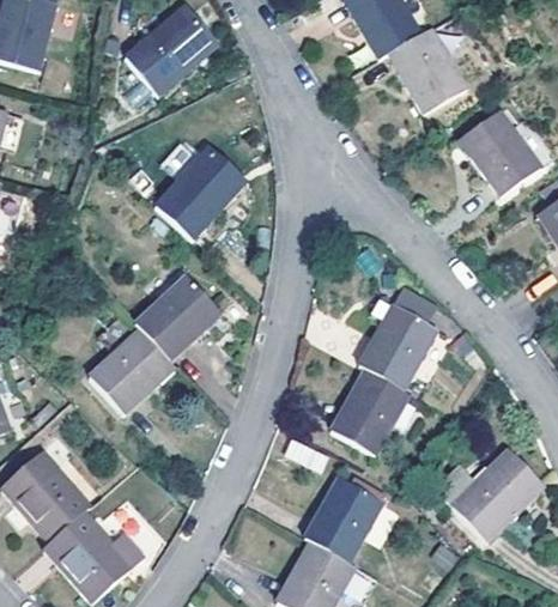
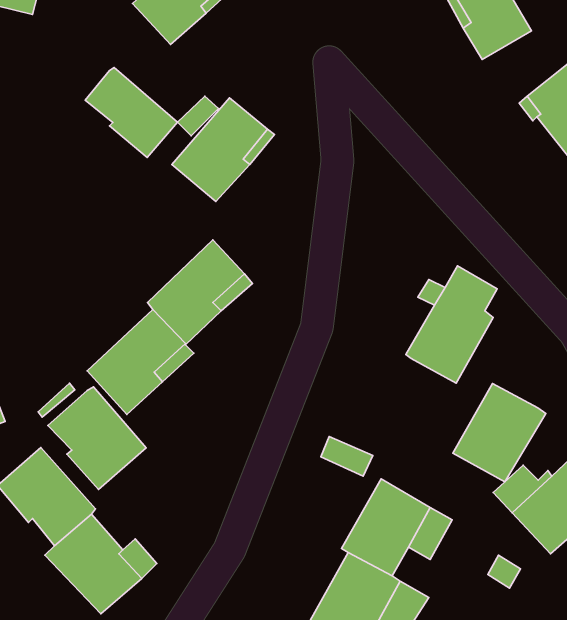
building: none -> [85,67,177,157]
building: [329,371,411,457] -> [453,383,546,482]
building: none -> [48,387,146,489]

